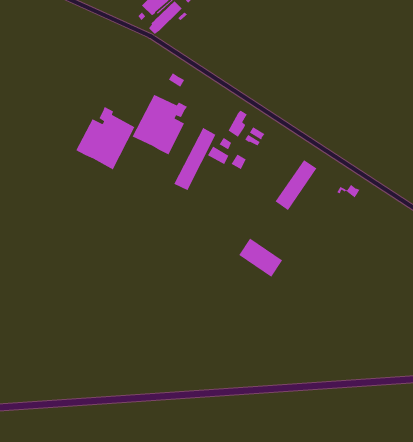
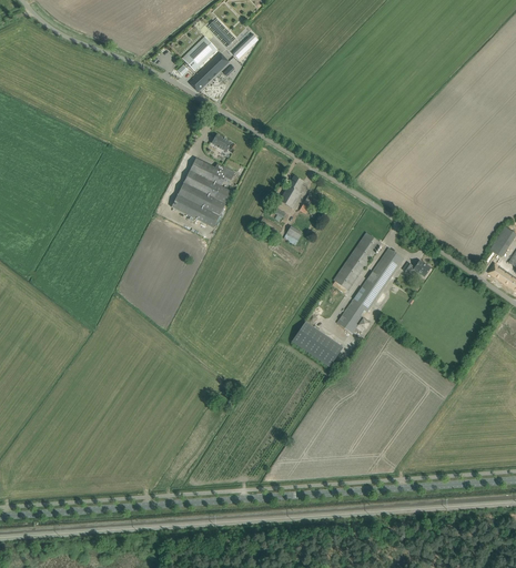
building: [75,106,135,171] -> none
building: [173,127,216,191] -> none
building: none -> [337,247,404,334]

